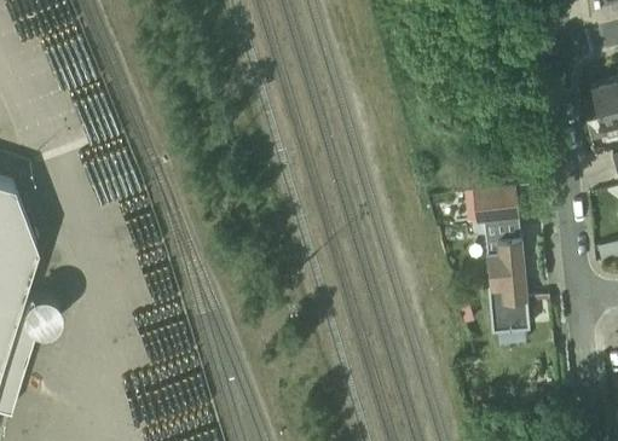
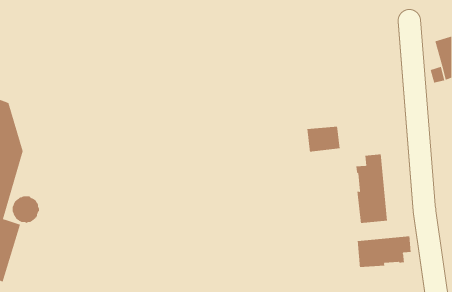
building: [473,190,519,225] -> [306,126,340,152]
building: none -> [357,236,411,268]

